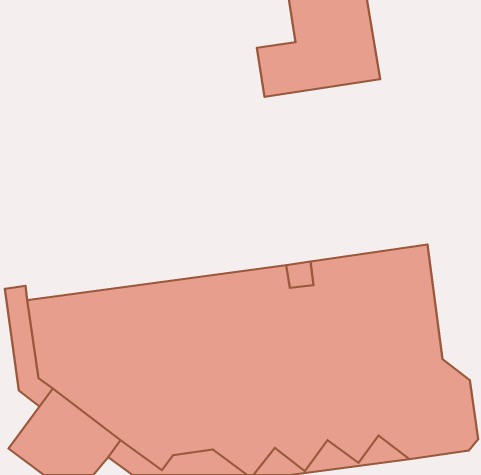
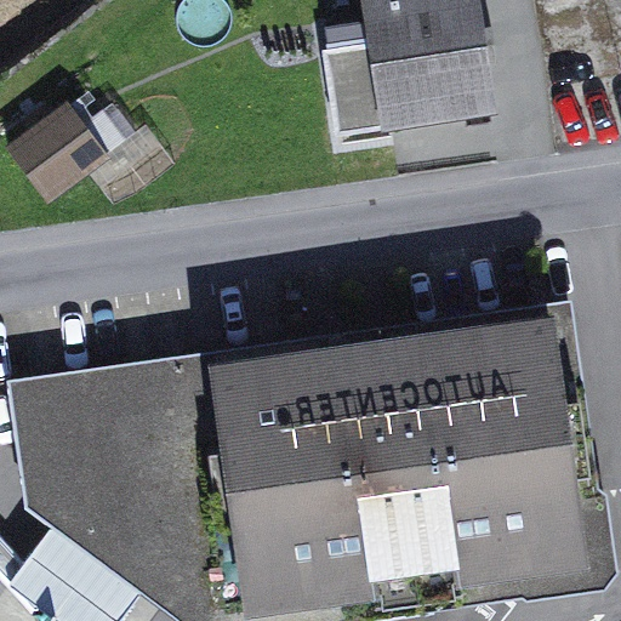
building: none -> [11,101,107,193]

